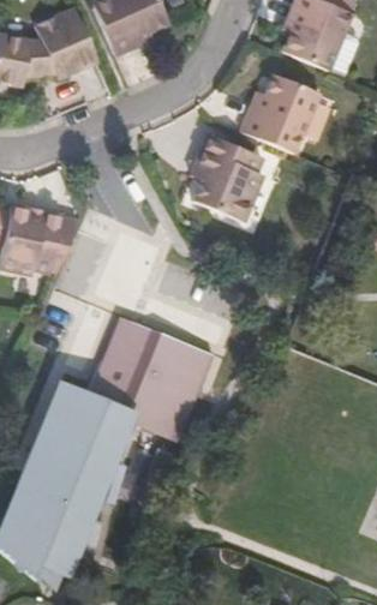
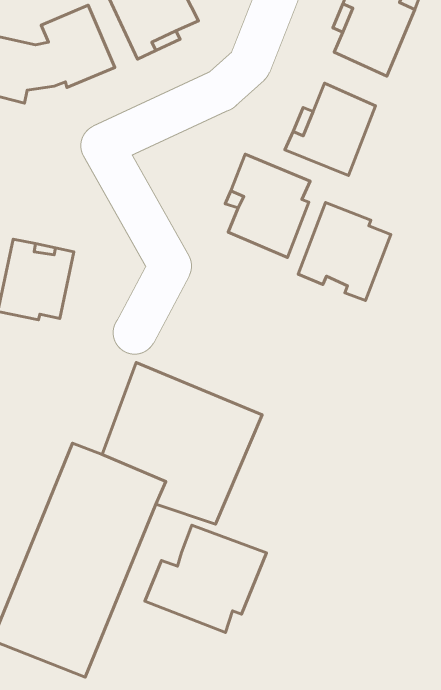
building: none -> [298,202,391,300]
building: none -> [145,525,266,632]

